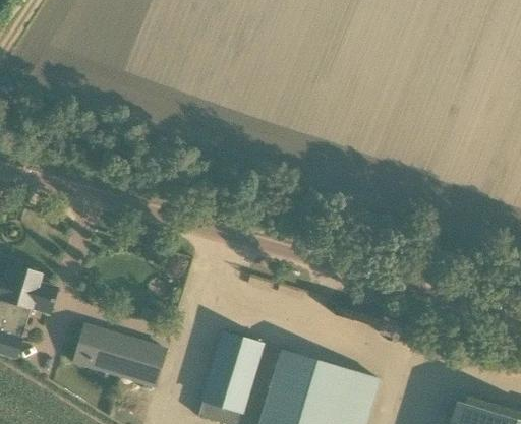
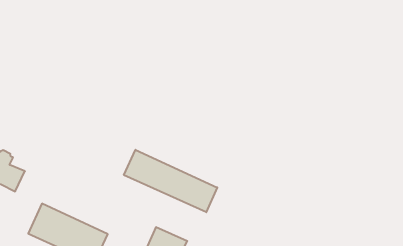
building: none -> [124,150,217,212]

